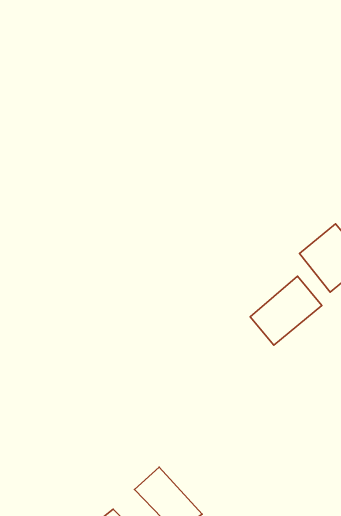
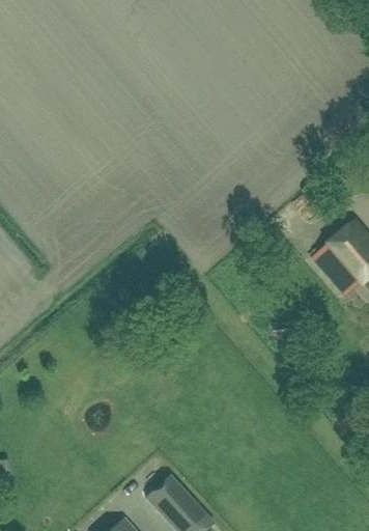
building: [250,276,322,345] -> none

